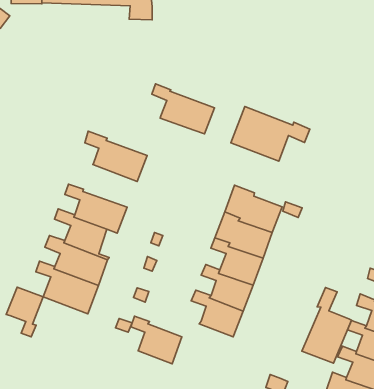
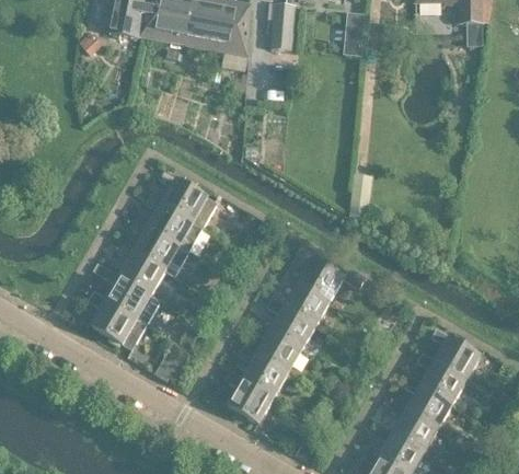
building: [152,84,214,134] -> [143,194,204,252]
building: [231,107,310,161] -> none
building: [6,287,43,337] -> none
building: [302,288,352,363] -> none
building: [131,316,182,364] -> [224,370,274,424]

